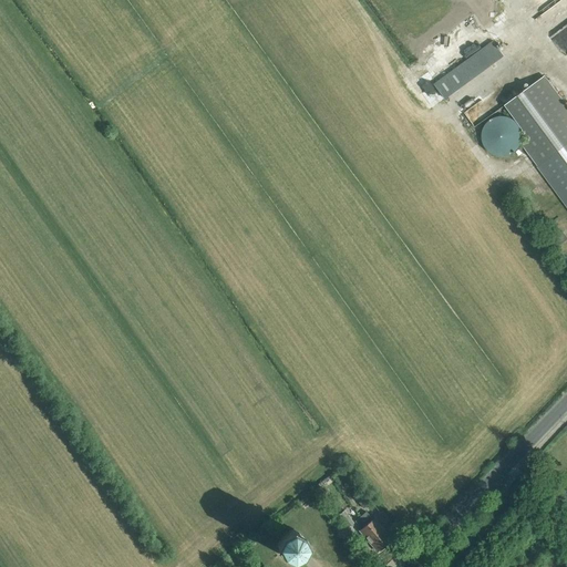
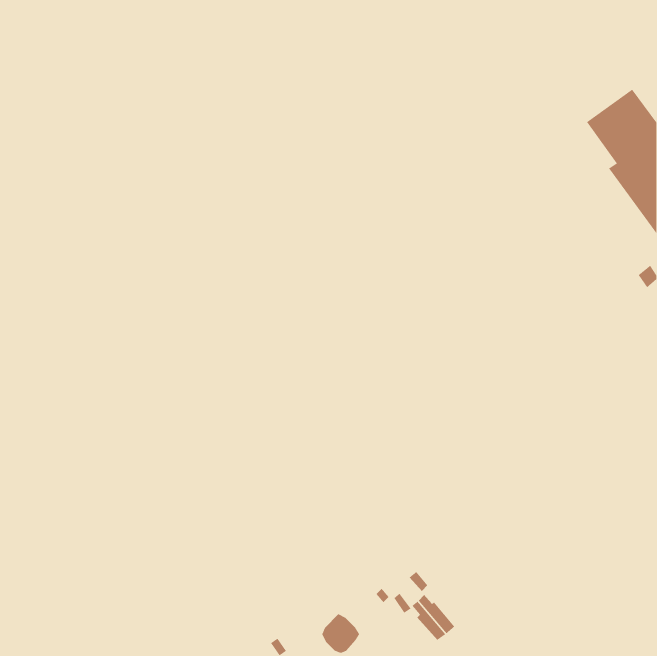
building: [434,42,505,101] -> none
building: [482,117,522,157] -> none

